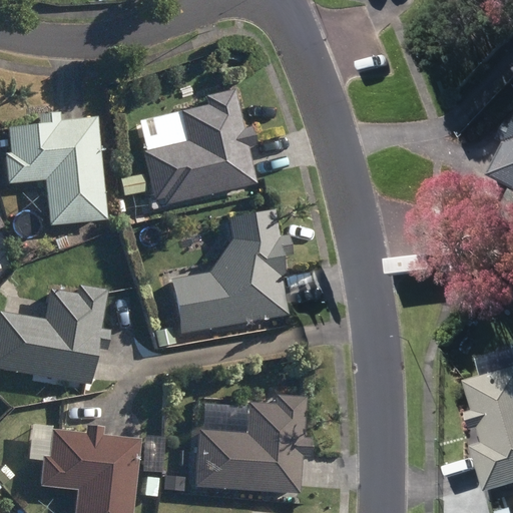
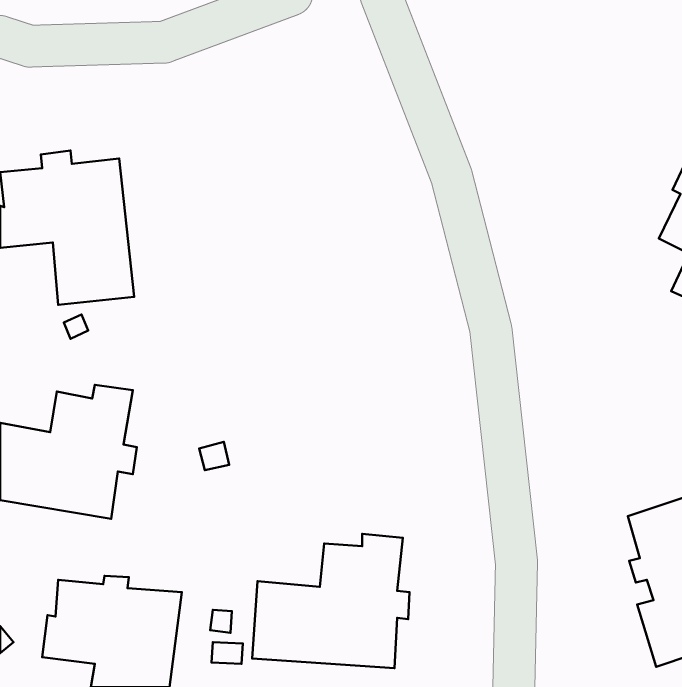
building: [140,88,256,205] -> none
building: [170,210,292,334] -> none

